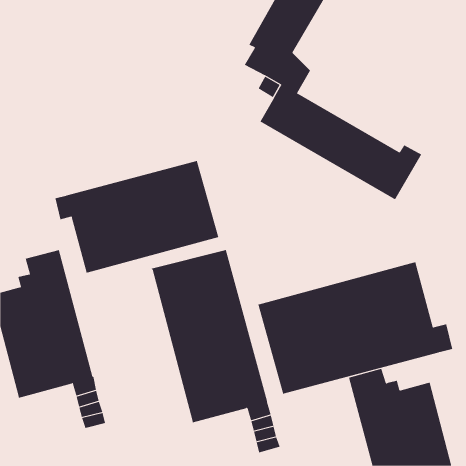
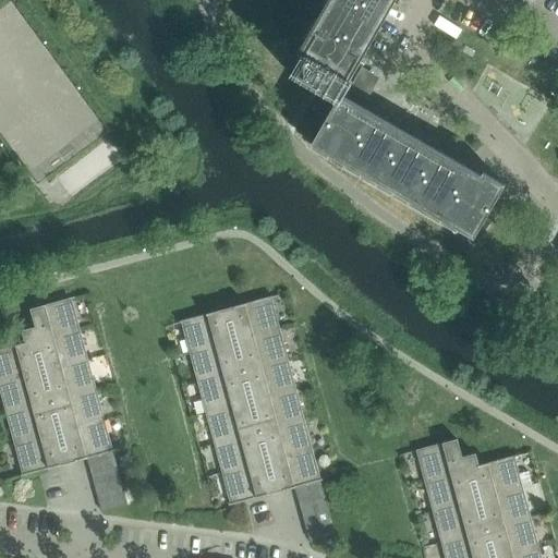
building: [55,160,219,274] -> none
building: [257,261,453,394] -> none

